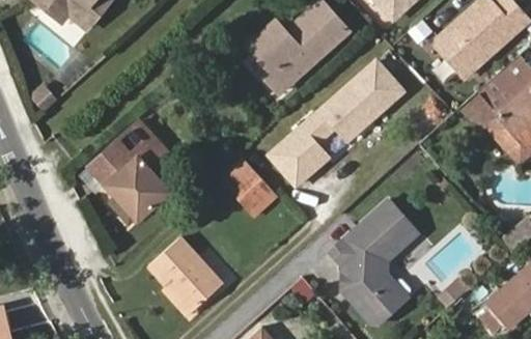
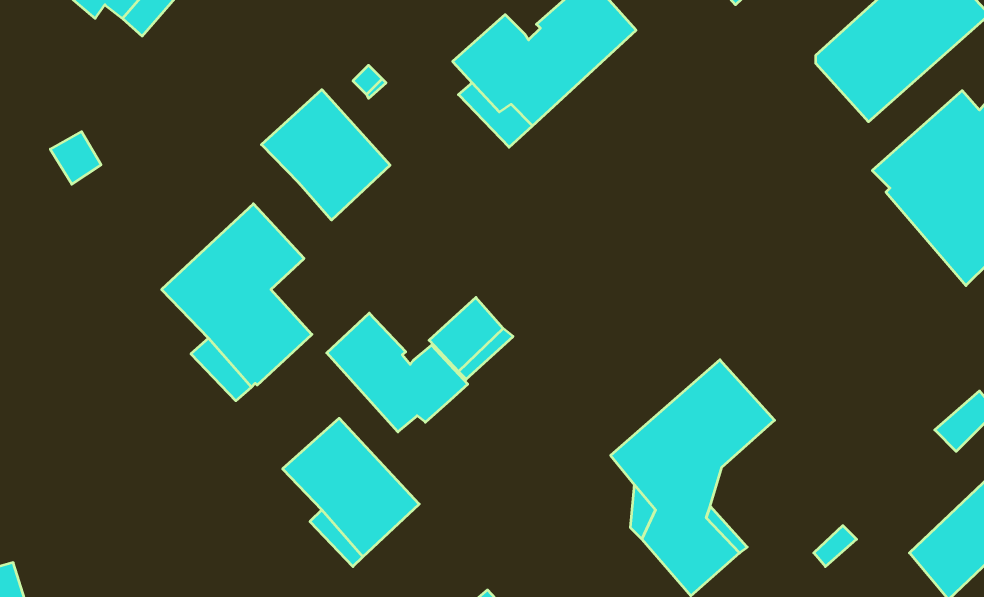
building: [267,57,406,189] -> none
building: none -> [261,90,390,220]
building: none -> [327,313,468,432]

